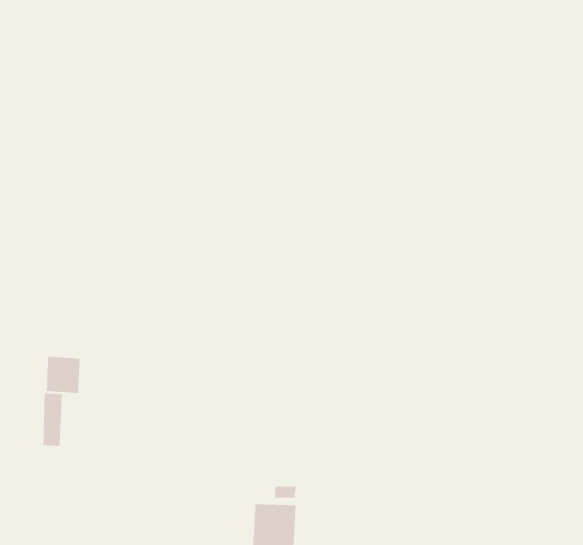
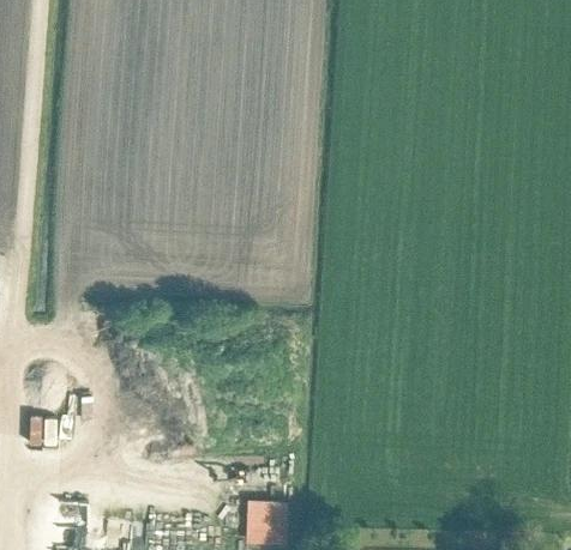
building: [46,356,80,394] -> none

